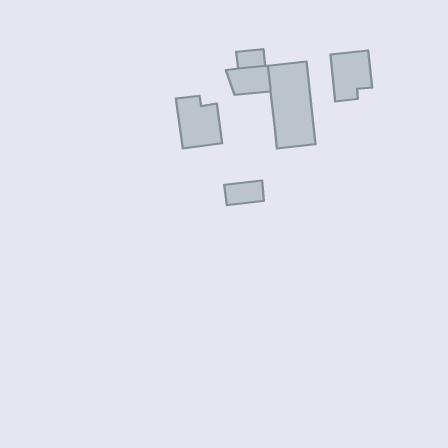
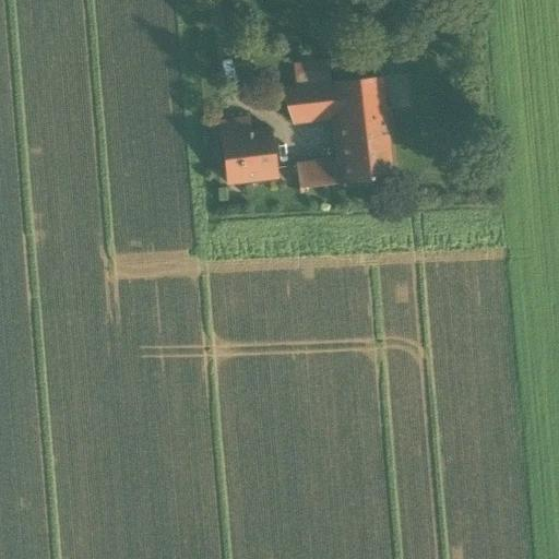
building: [331,50,372,102] -> none
building: [224,181,264,205] -> [296,159,345,190]

